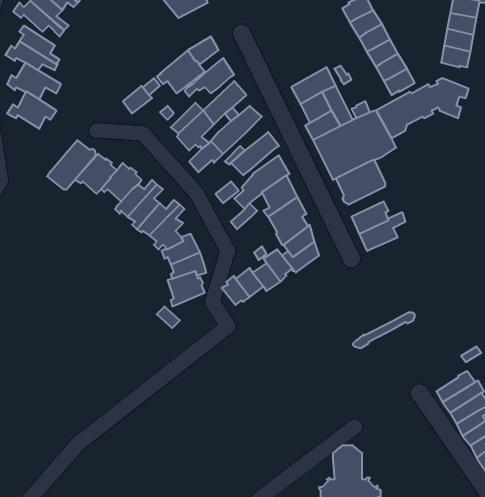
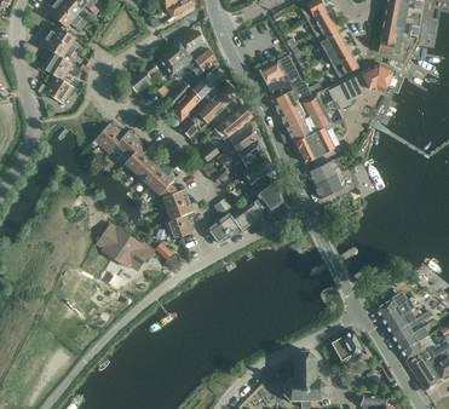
building: [47,140,96,190] -> none
building: none -> [99,223,151,267]
building: none -> [333,329,365,361]

